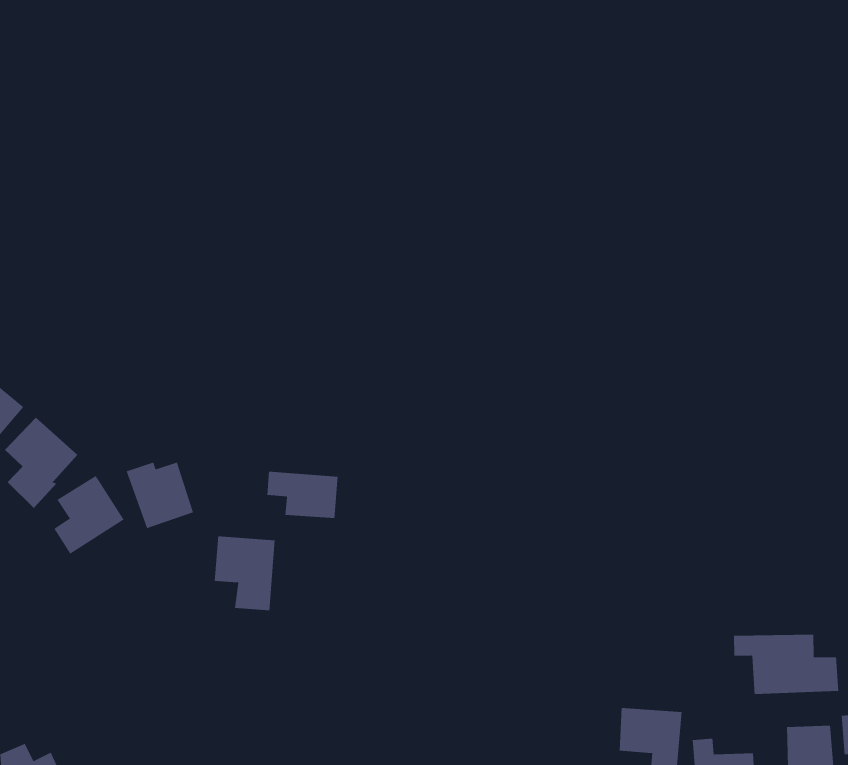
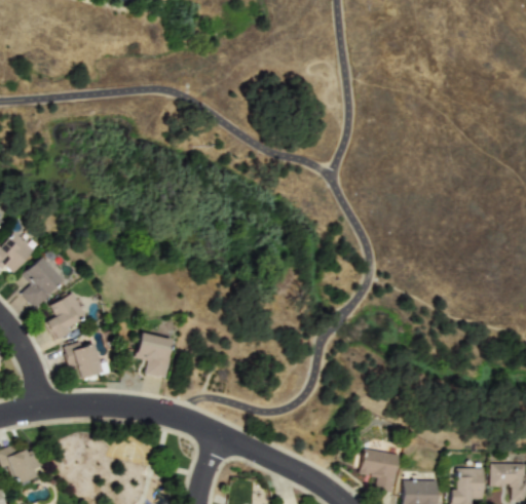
building: [126,462,194,529] -> [66,342,103,380]
building: [267,471,338,519] -> none
building: [733,634,839,695] -> none

